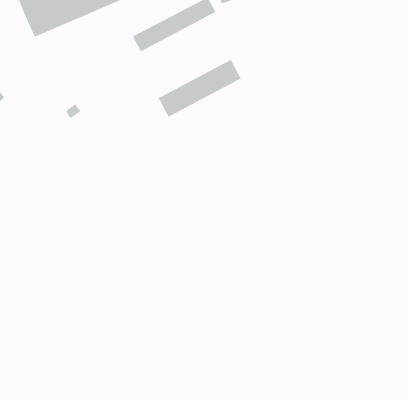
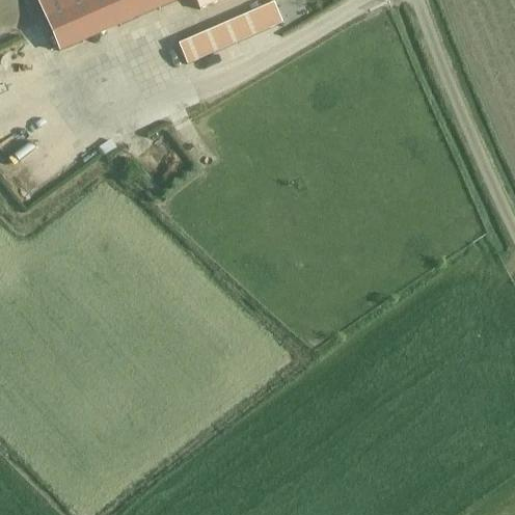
building: [158,59,242,118] -> none

